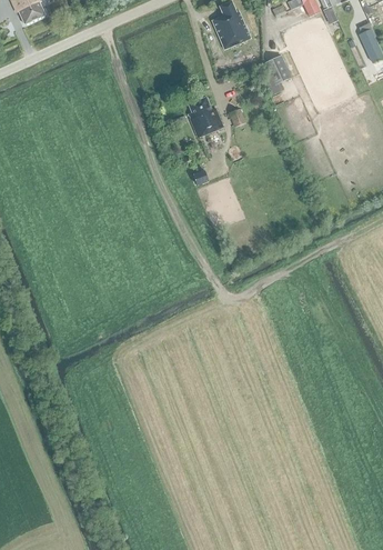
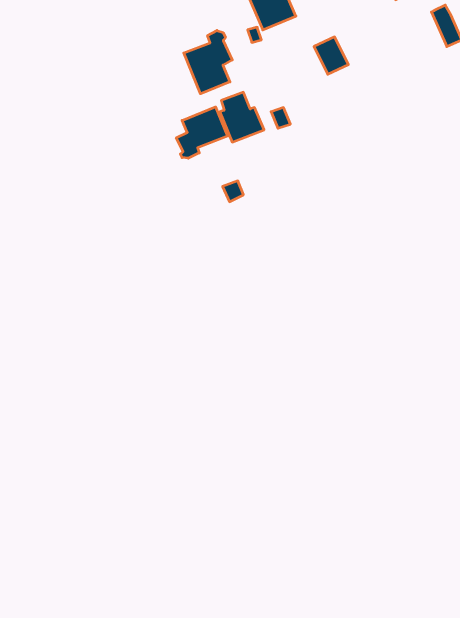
building: none -> [184,30,232,94]
building: none -> [176,107,228,158]

